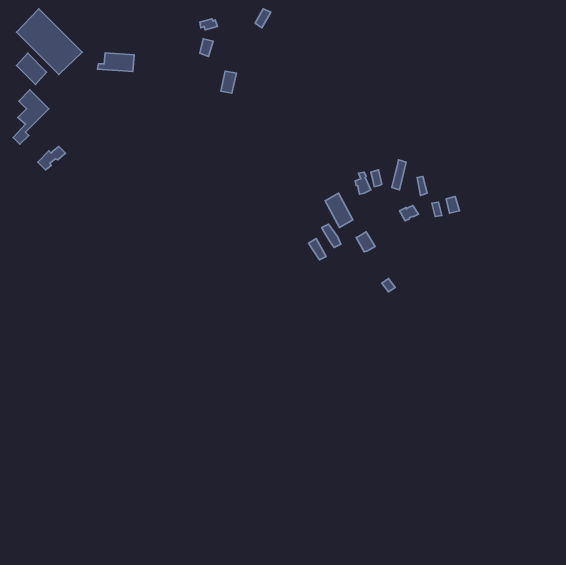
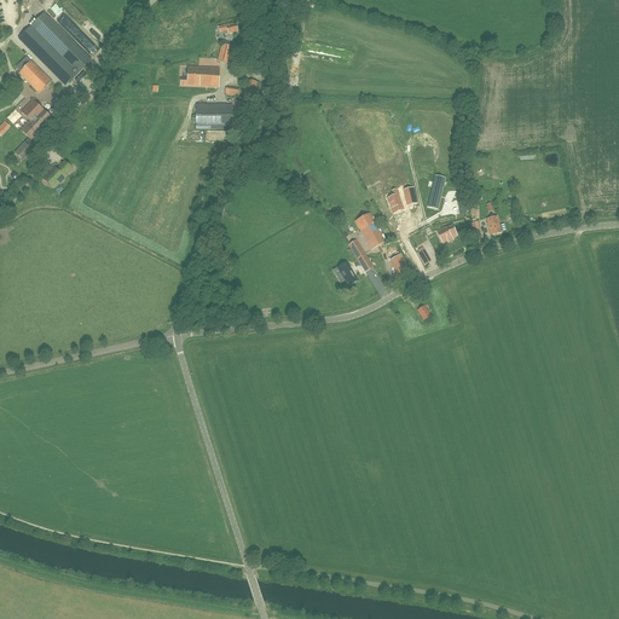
building: [97,53,134,72] -> [179,64,219,85]
building: none -> [191,102,231,127]

